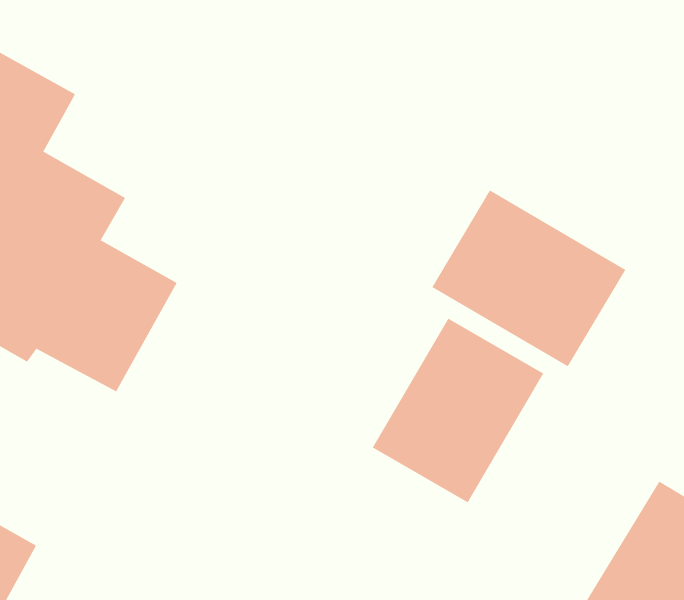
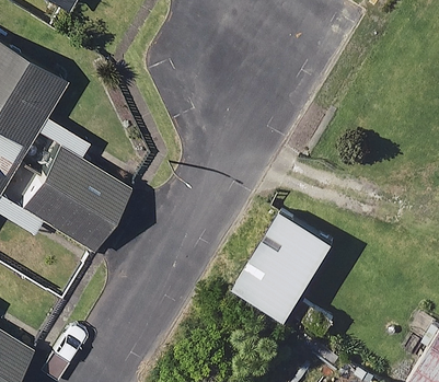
building: [432,190,626,367] -> none

